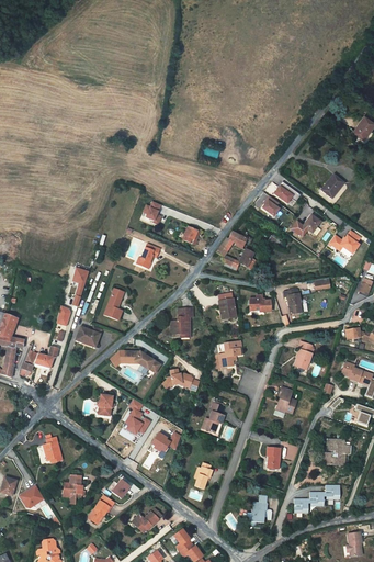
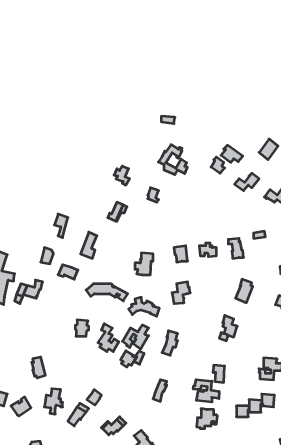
building: [219,233,254,269] -> [158,145,187,175]
building: none -> [122,325,149,349]
building: none -> [193,380,219,402]

